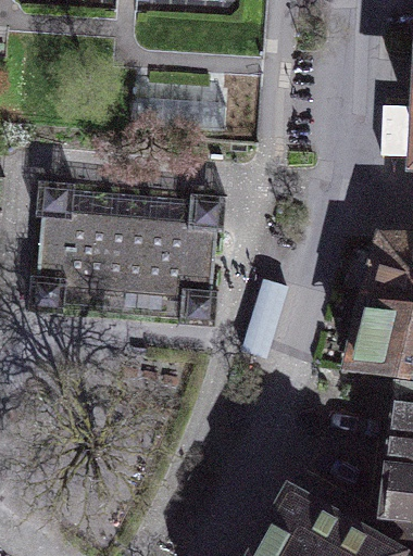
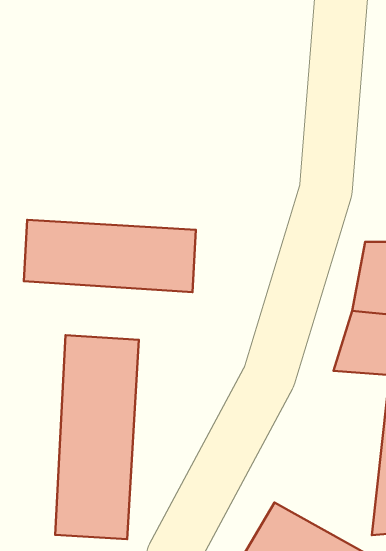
building: none -> [55,335,139,539]

